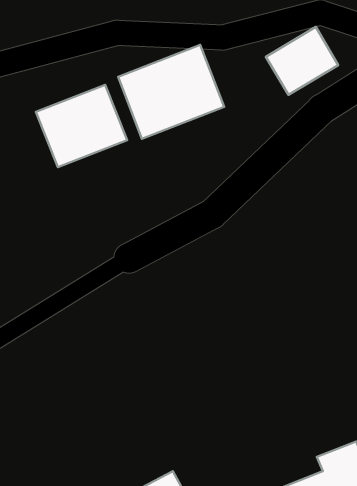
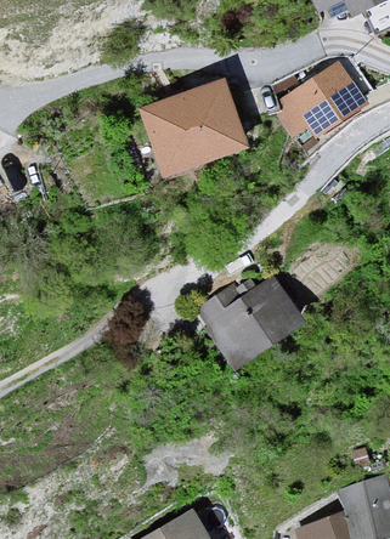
building: [36,85,127,167] -> none
building: none -> [204,272,304,363]

